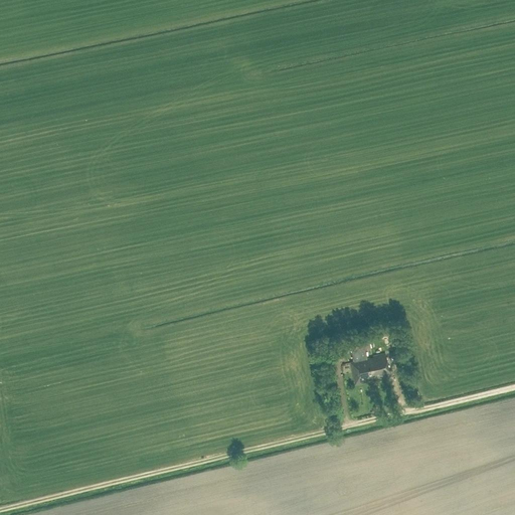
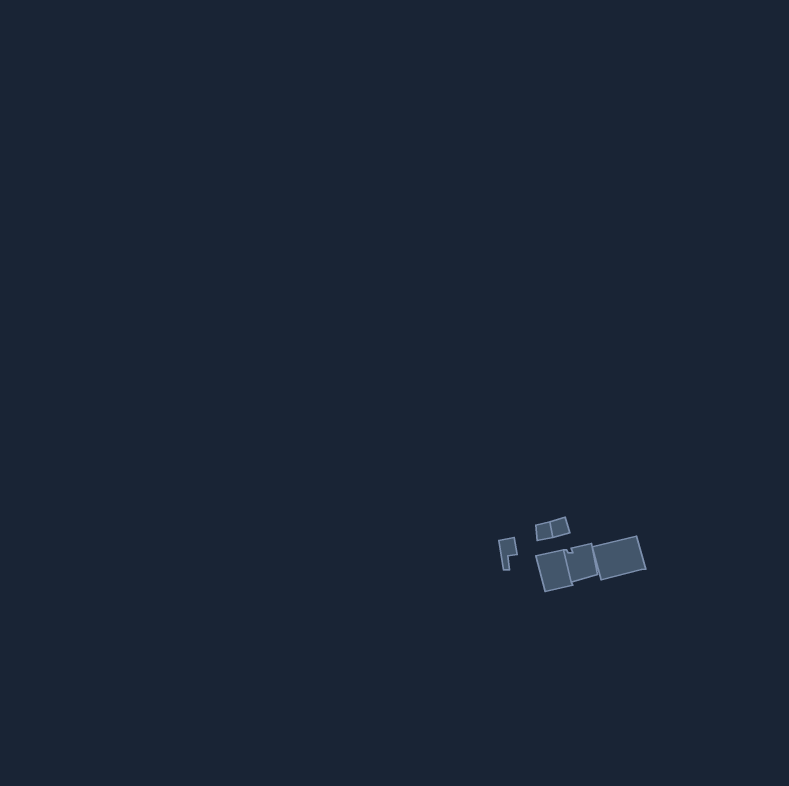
building: none -> [592,536,646,580]

